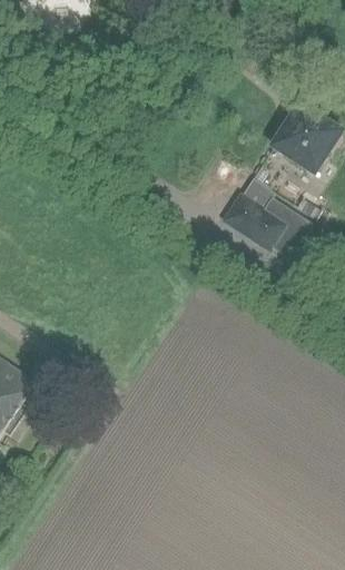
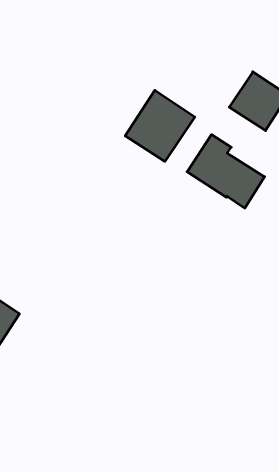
building: none -> [125,90,195,161]

